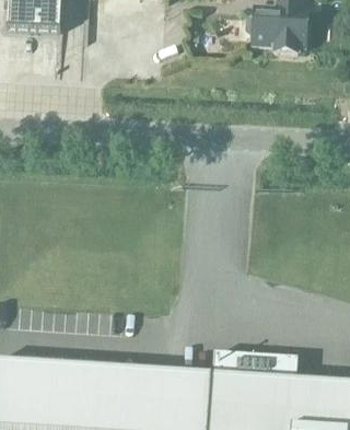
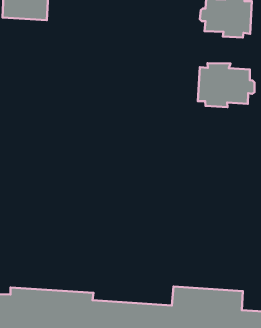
building: none -> [198,63,254,107]

